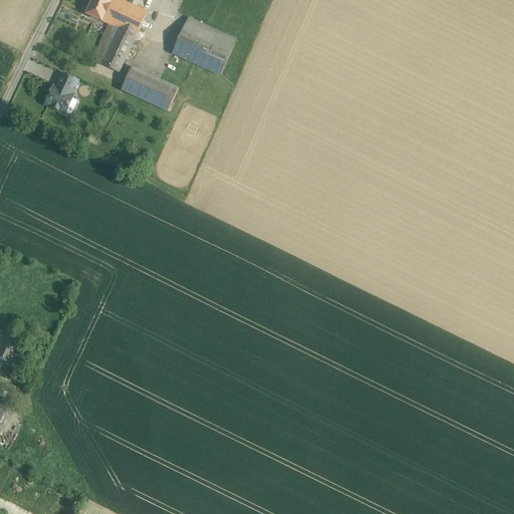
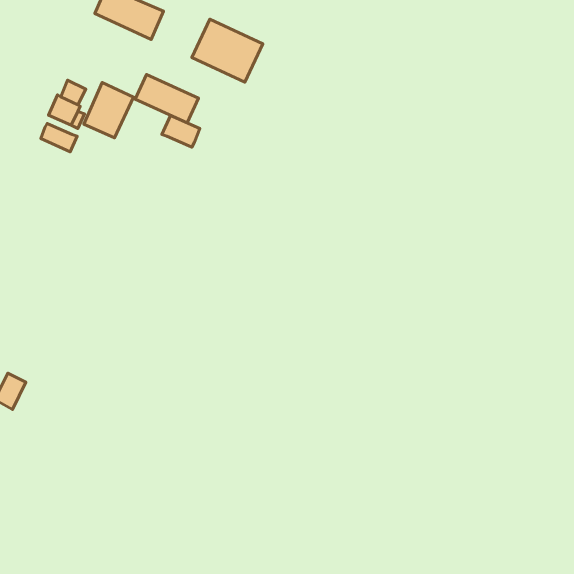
building: [90,22,135,71] -> [84,83,134,138]
building: none -> [162,115,200,147]
building: none -> [41,123,77,152]

